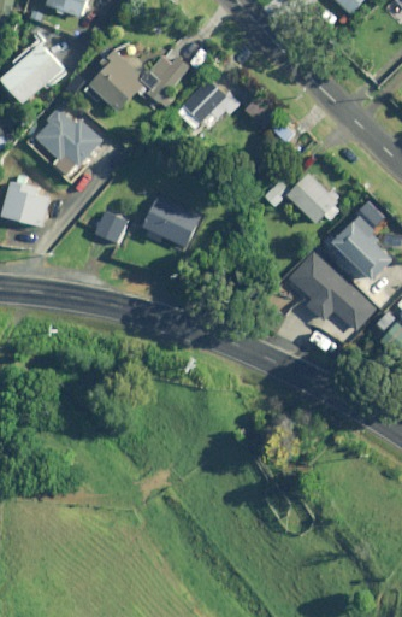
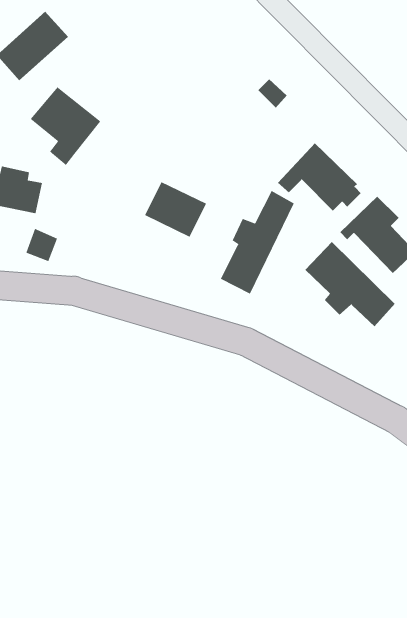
building: [88,37,190,111] -> none
building: [176,78,238,128] -> none
building: none -> [220,190,295,294]
building: [94,211,124,242] -> [25,228,58,262]

